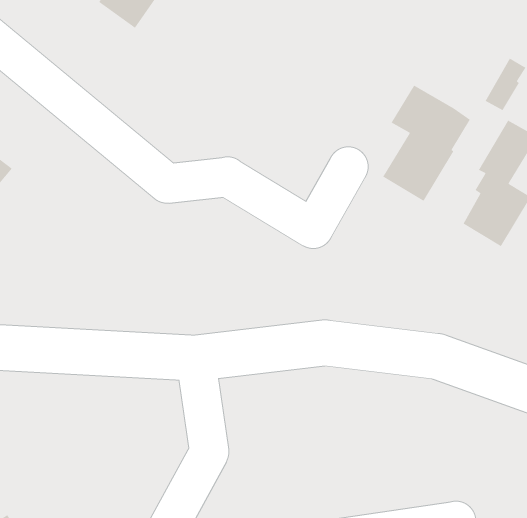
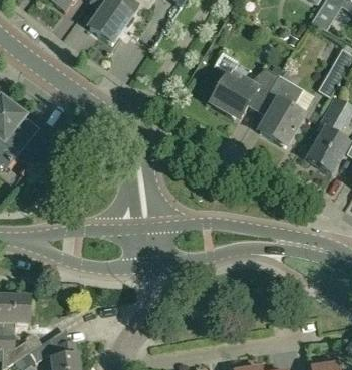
building: none -> [212,68,279,119]

